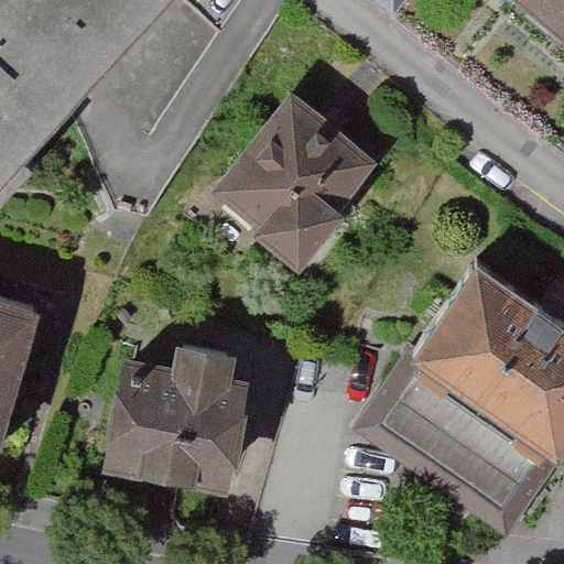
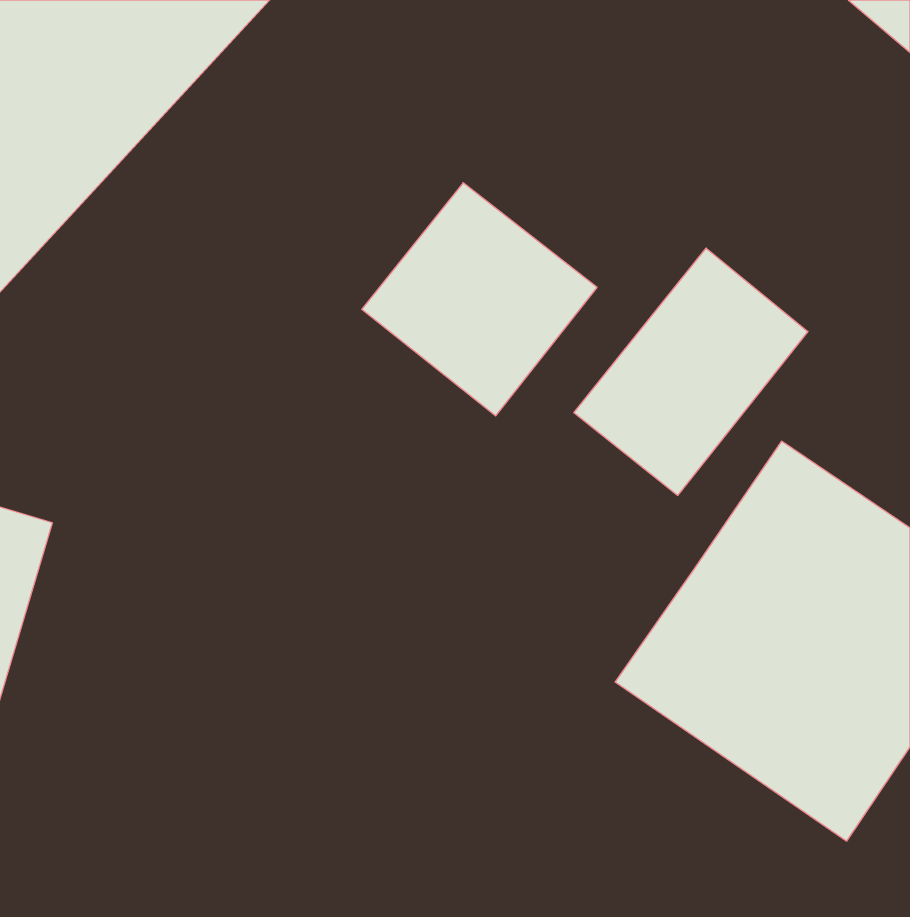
building: none -> [574,248,808,495]
building: [107,339,252,482] -> none

